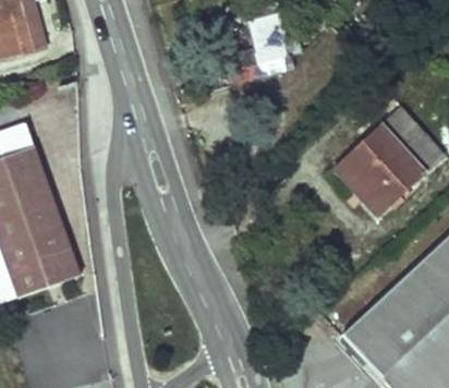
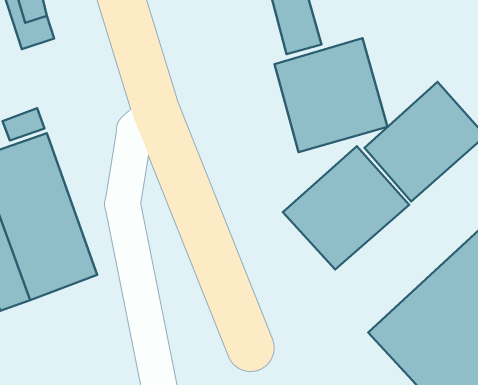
building: none -> [275,38,388,152]
building: none -> [283,146,409,270]

